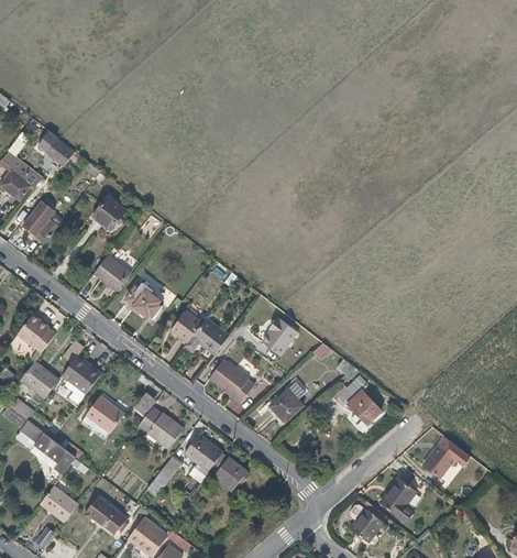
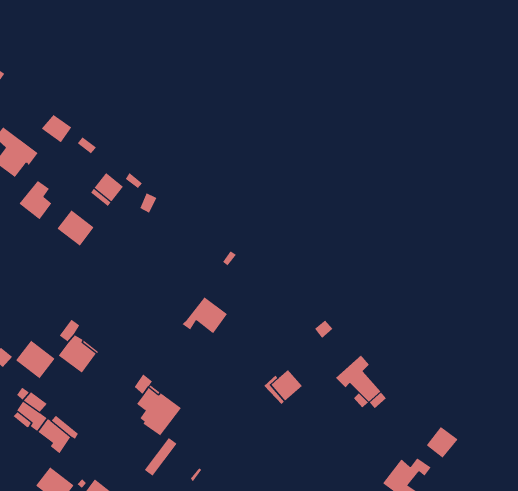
building: [92,254,130,291] -> [57,210,95,247]
building: [125,282,163,315] -> none
building: [172,309,202,341] -> none
building: [16,314,56,352] -> none
building: [262,318,297,355] -> none
building: [209,359,254,404] -> none
building: [86,395,124,434] -> none
building: [184,433,223,471] -> none
building: [215,456,249,489] -> none

